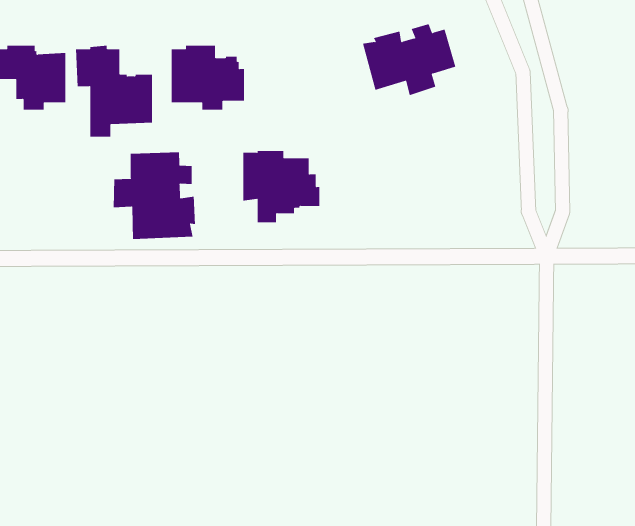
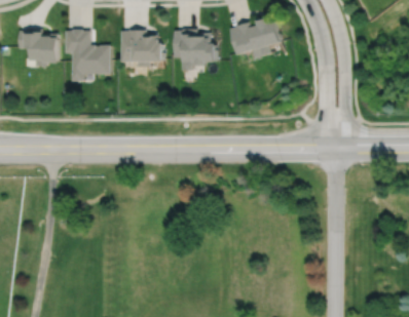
building: [243,150,320,223] -> [173,29,217,70]
building: [113,151,196,240] -> none

